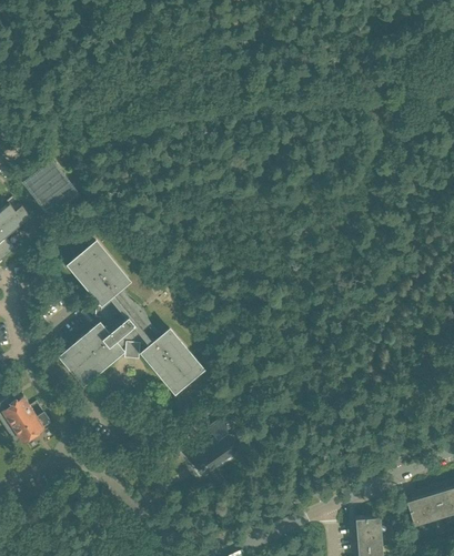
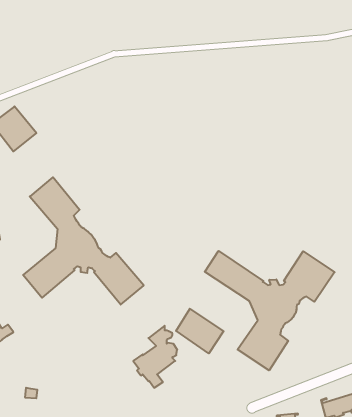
building: none -> [205,251,335,370]
building: none -> [176,309,224,353]

